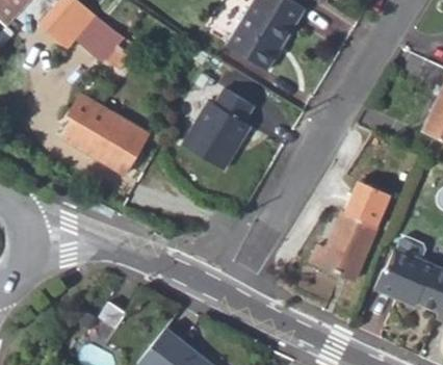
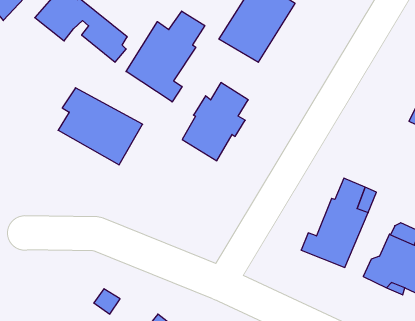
building: none -> [126,11,205,102]

